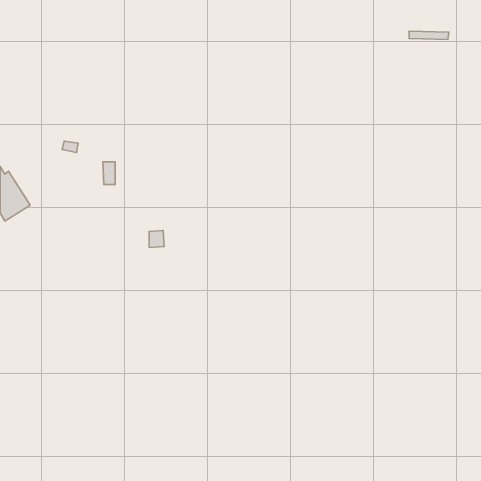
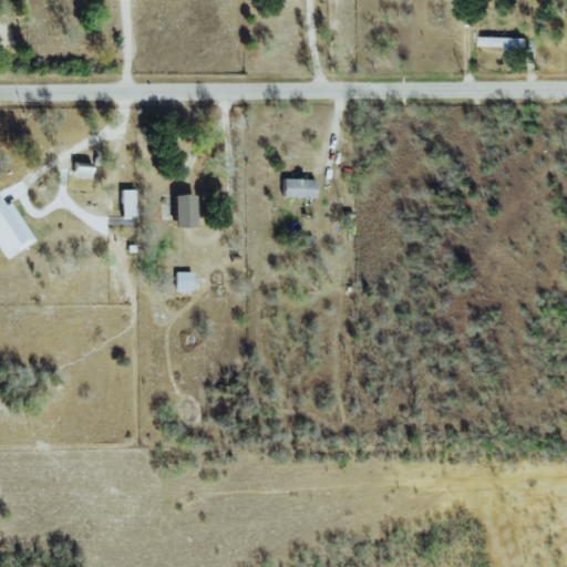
building: none -> [282,179,317,198]
building: none -> [176,195,197,228]

